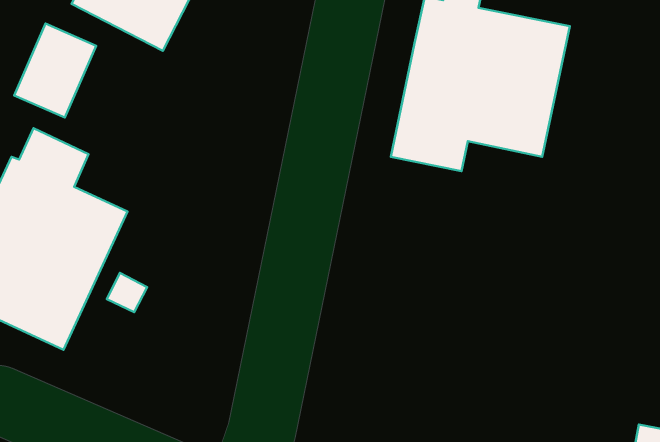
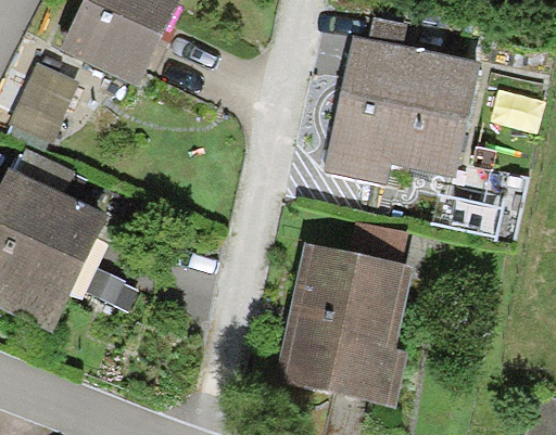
building: none -> [278,244,414,404]

